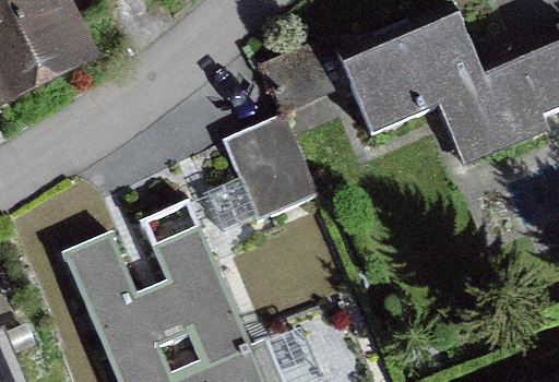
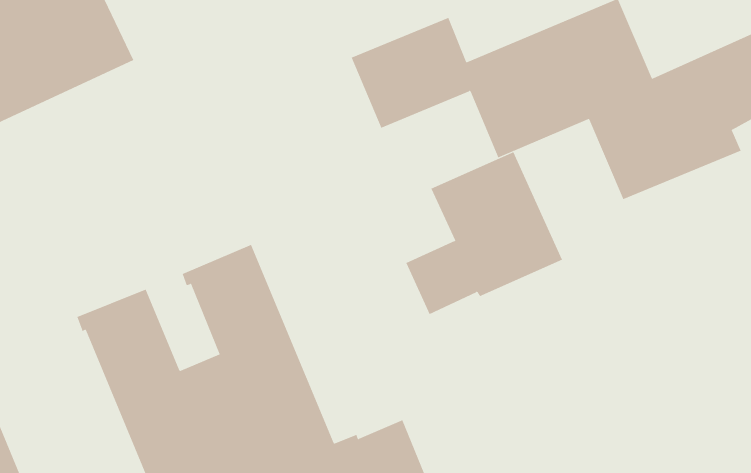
building: [202,110,318,230] -> [405,151,563,315]

